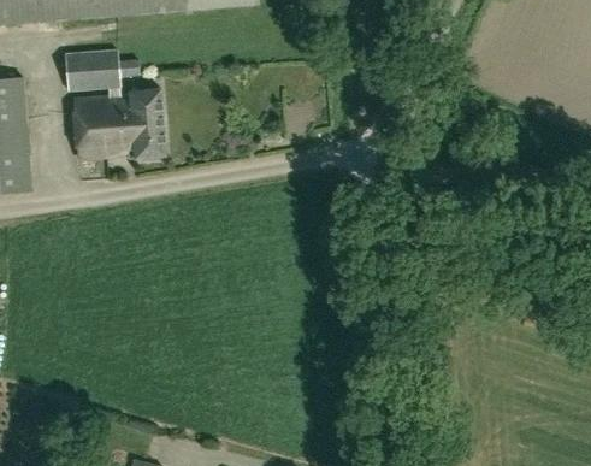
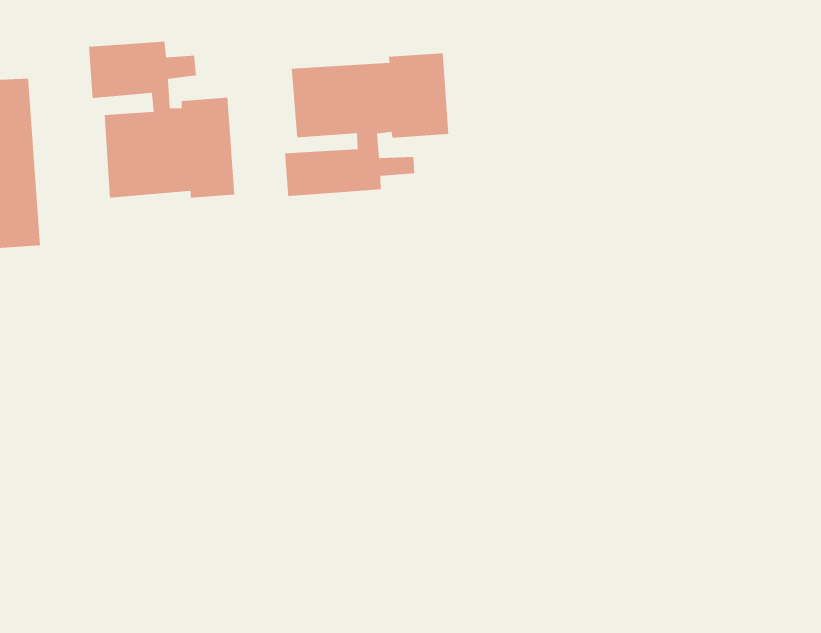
building: none -> [284,53,449,197]

